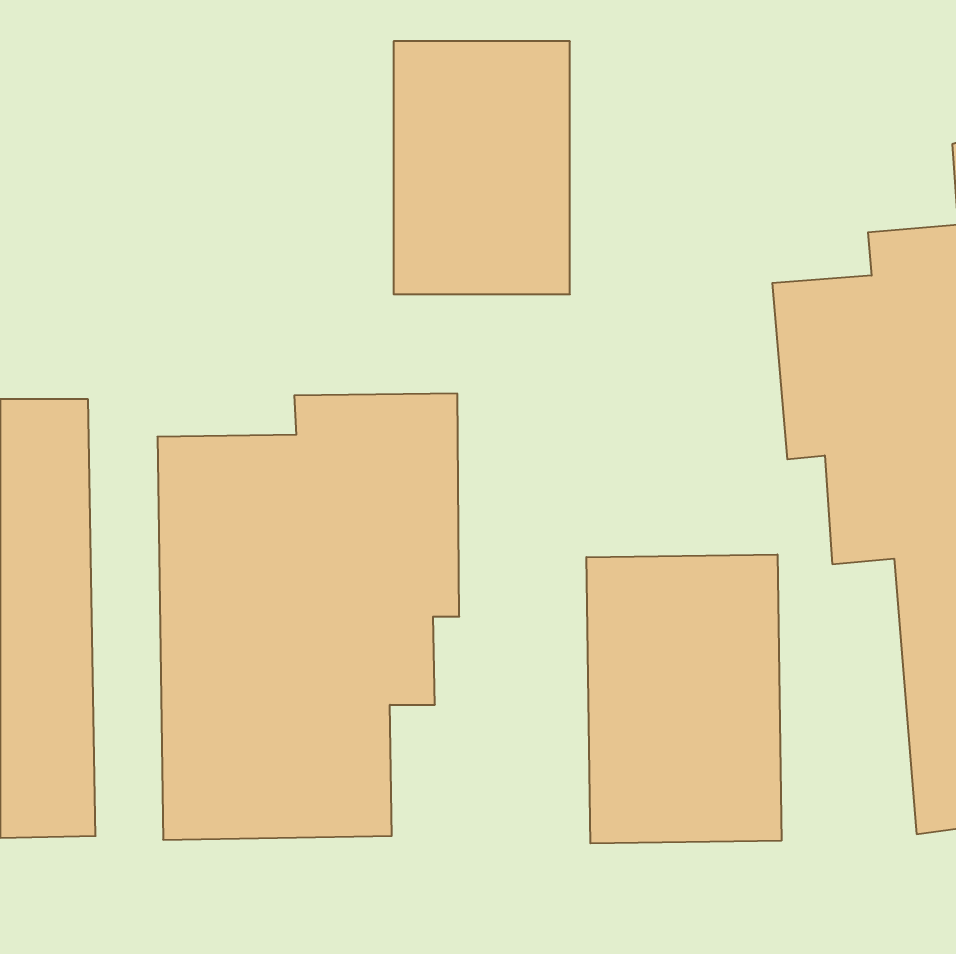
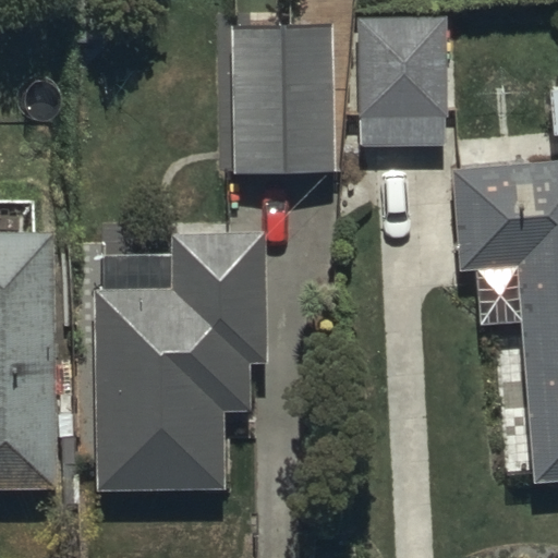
building: none -> [357,16,449,148]
building: [586,554,781,843] -> none

